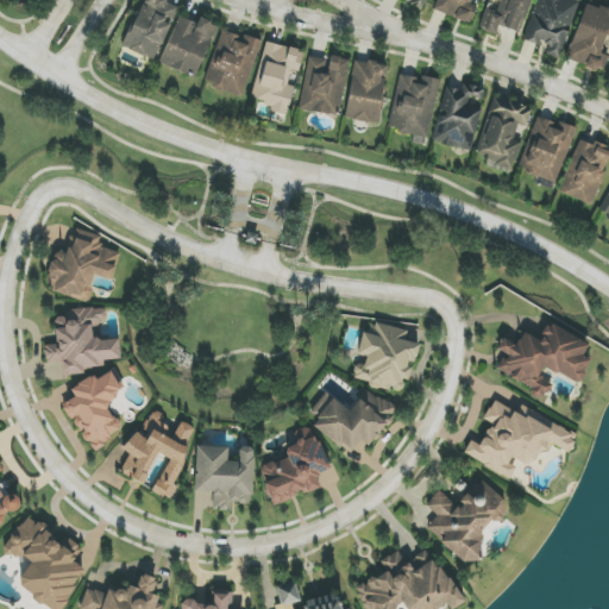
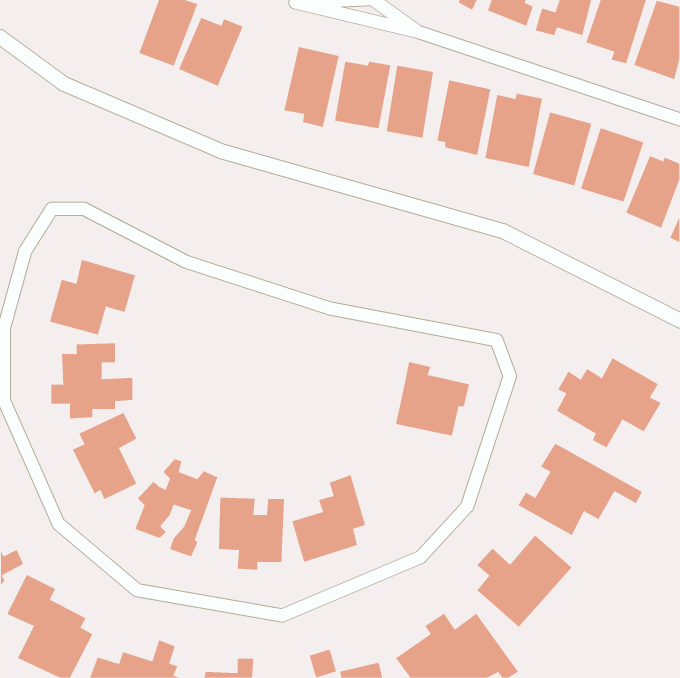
building: [205,29,259,95] -> none
building: [312,389,394,450] -> none

